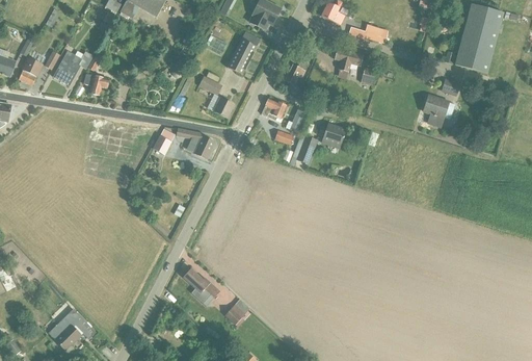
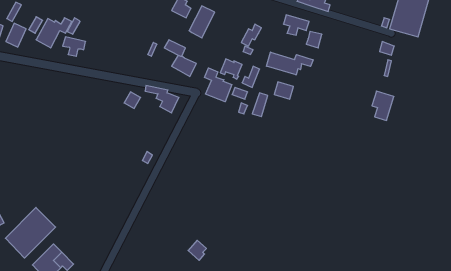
building: none -> [266,52,313,75]
building: [423,94,448,127] -> [372,91,394,120]
building: none -> [204,68,232,102]
building: none -> [5,207,56,258]
building: [182,267,219,306] -> none

